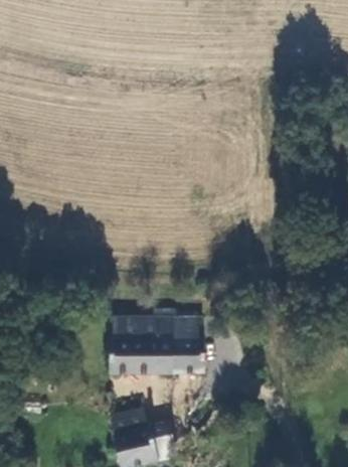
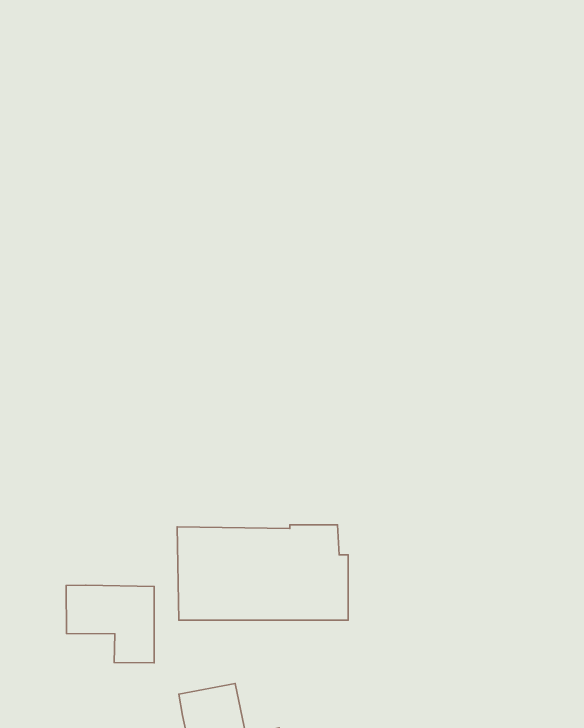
building: none -> [66,585,154,663]

